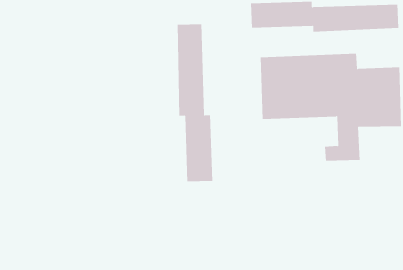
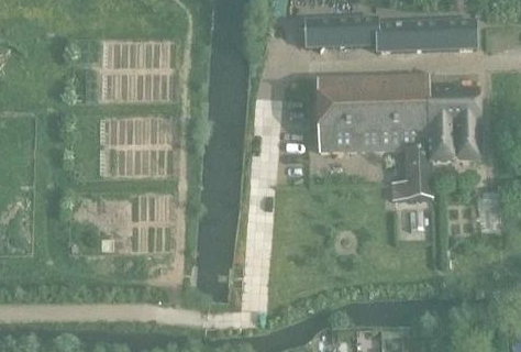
building: [177,23,213,182] -> none

